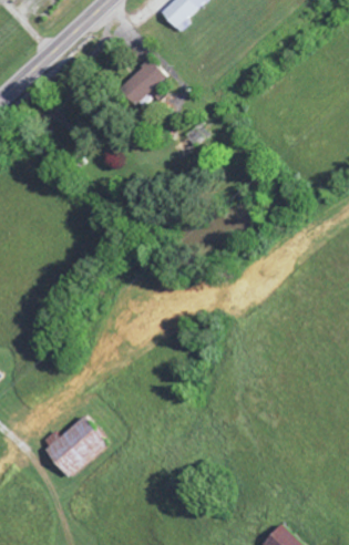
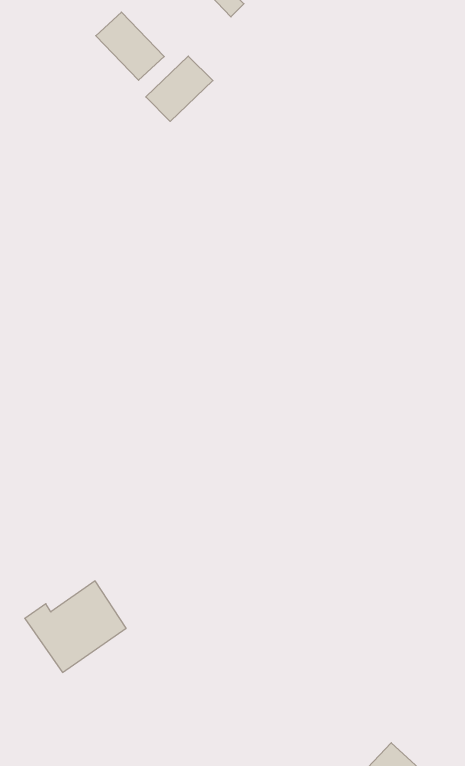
building: none -> [96,12,164,80]

